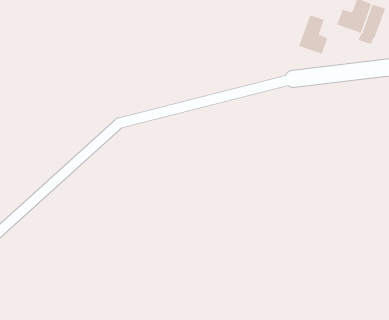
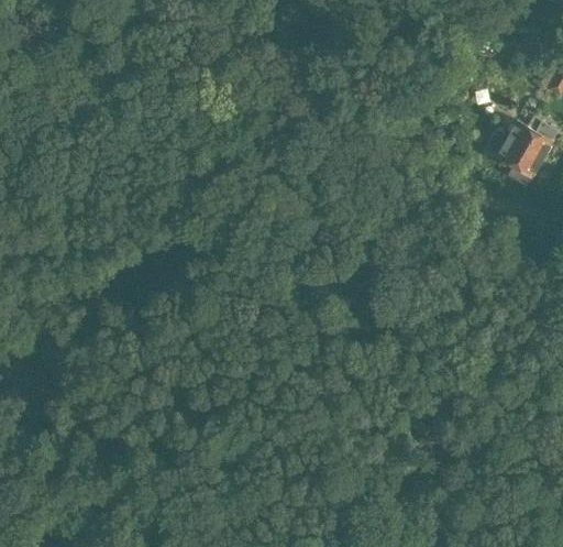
building: [298,14,328,55] -> none

